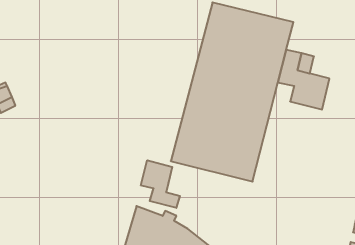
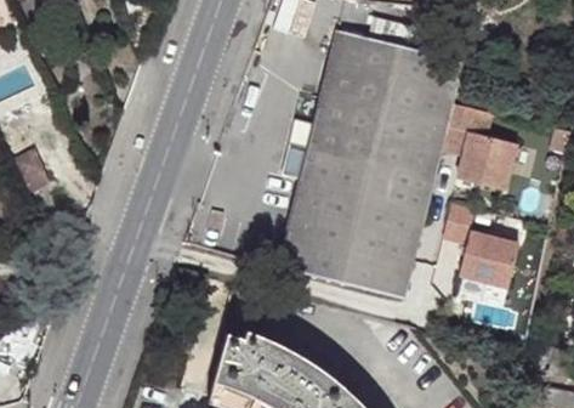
building: none -> [443,200,518,287]
building: [141,160,180,208] -> none

